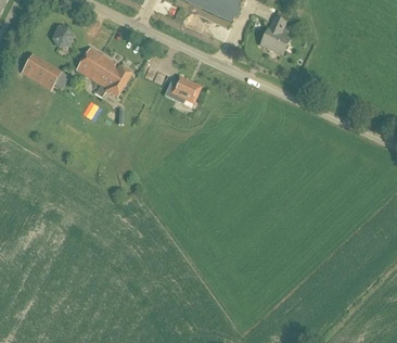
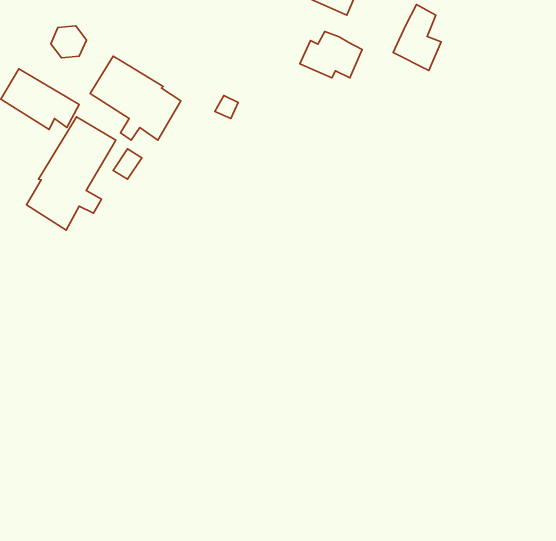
building: [164,75,202,103] -> [300,32,362,78]
building: none -> [26,117,116,230]

